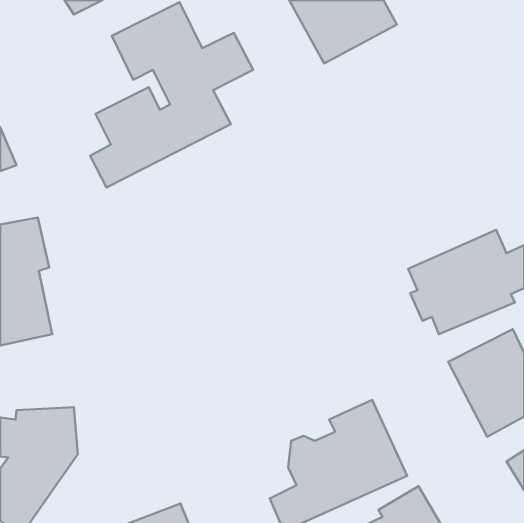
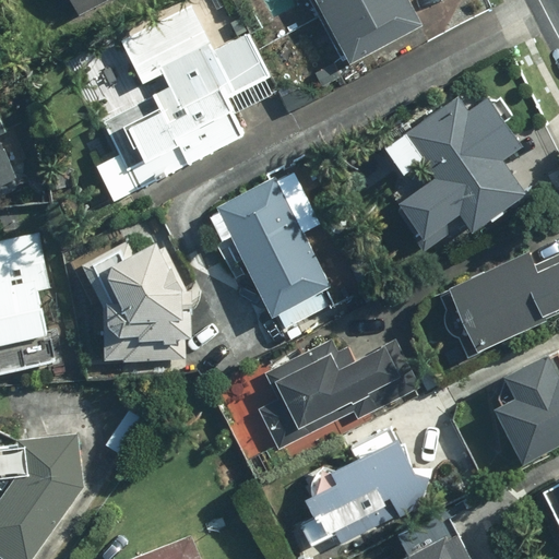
building: none -> [385,95,523,238]
building: none -> [209,170,332,326]
building: none -> [79,236,188,376]
building: none -> [252,338,400,451]

